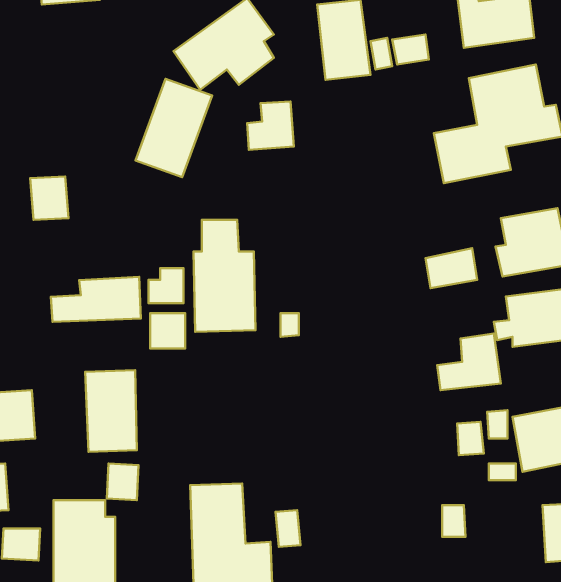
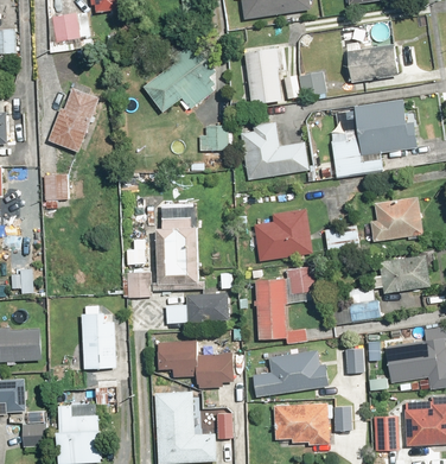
building: [136,79,212,177] -> [46,83,101,153]
building: none -> [241,117,306,179]
building: none -> [253,206,313,260]
building: [51,277,141,322] -> [165,291,229,323]
building: none -> [256,267,314,343]
building: none -> [158,341,234,384]
building: none -> [251,351,329,394]
building: none -> [270,400,329,439]
building: none -> [372,414,397,450]

